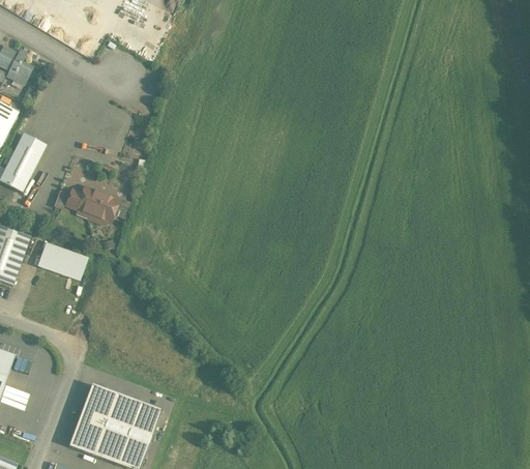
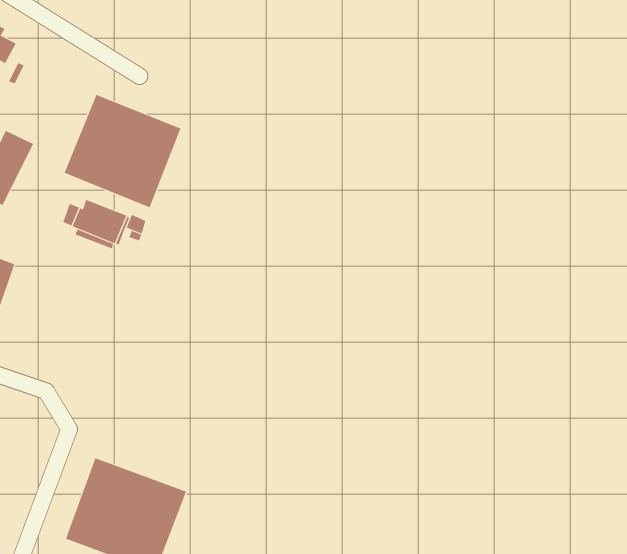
building: none -> [64,94,181,208]
building: [37,242,87,281] -> none

